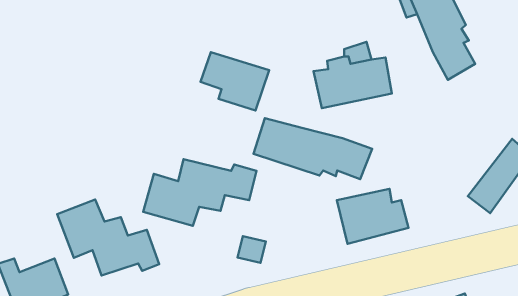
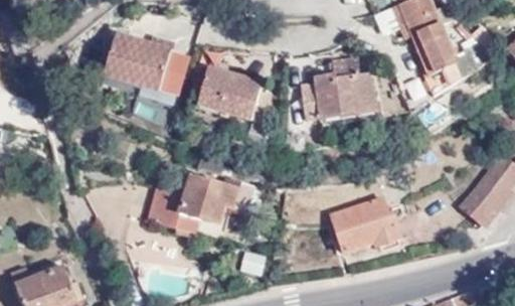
building: none -> [109,32,179,97]
building: [254,118,372,179] -> none
building: [57,200,159,276] -> none

